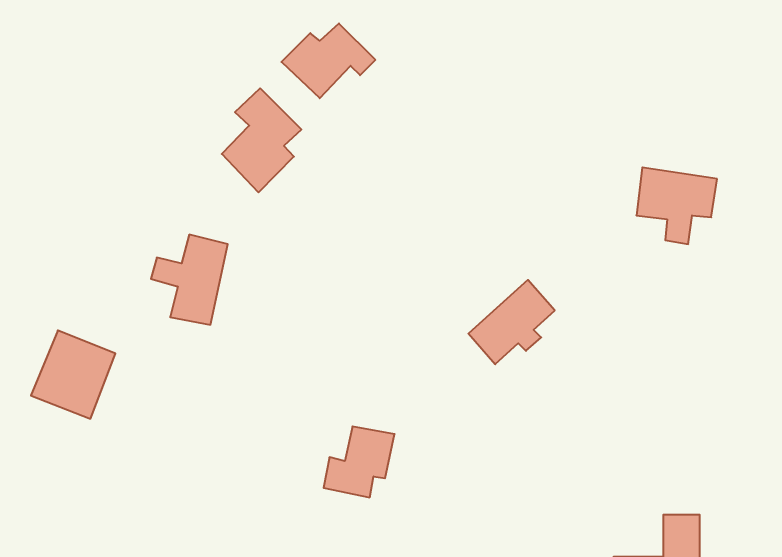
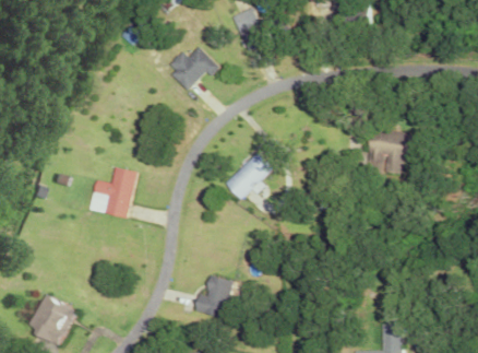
building: [222,88,301,192] -> none
building: [468,280,555,364] -> [223,153,272,201]
building: [31,330,115,419] -> [32,294,80,344]

